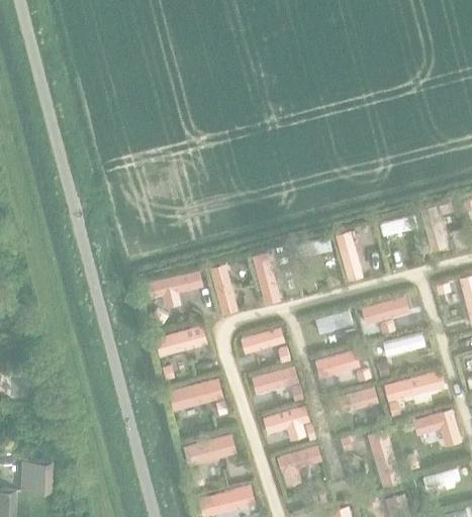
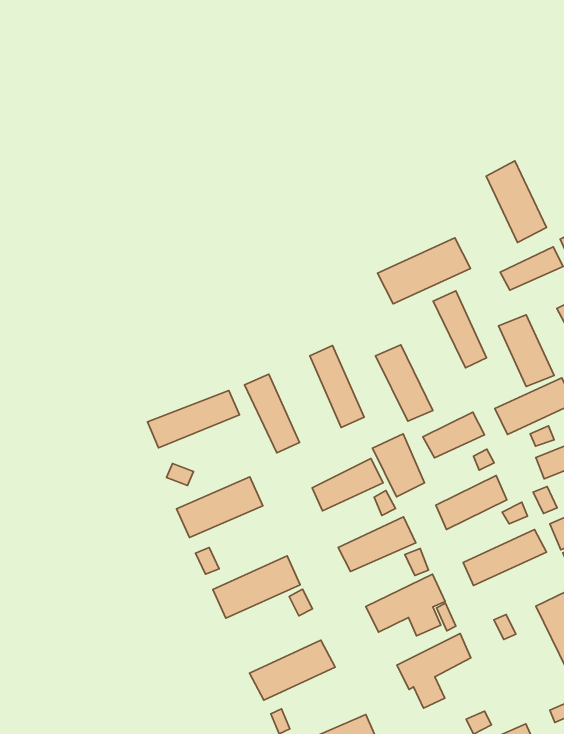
building: none -> [486,161,546,243]
building: none -> [378,238,470,304]
building: none -> [499,315,554,387]
building: none -> [376,345,433,421]
building: none -> [373,434,425,497]

